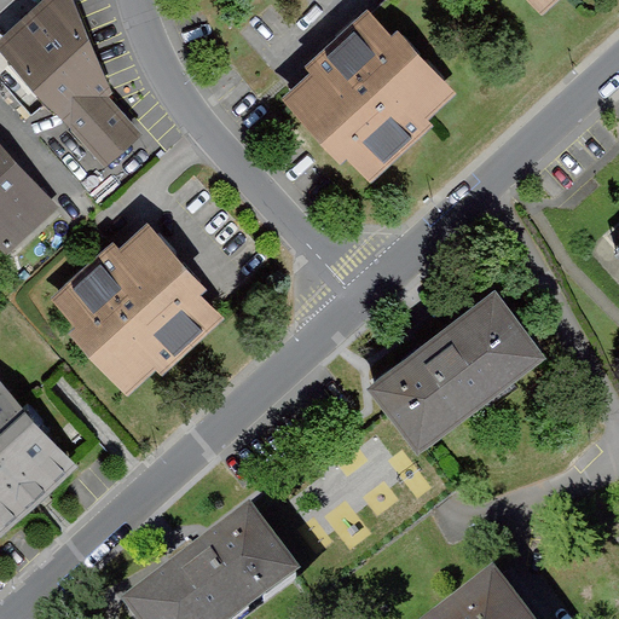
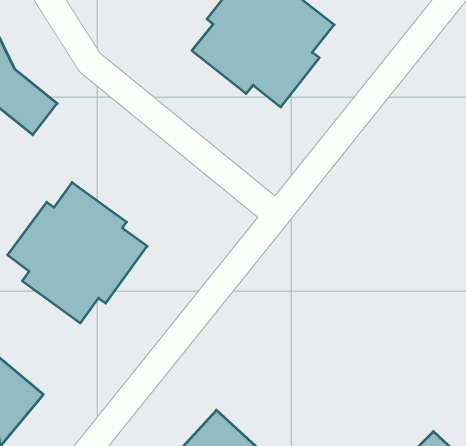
building: [376,289,549,445] -> none

